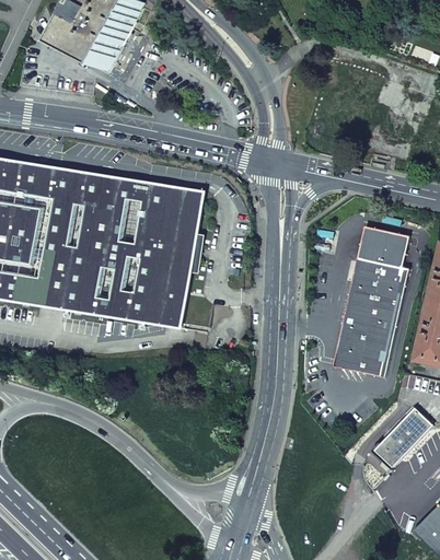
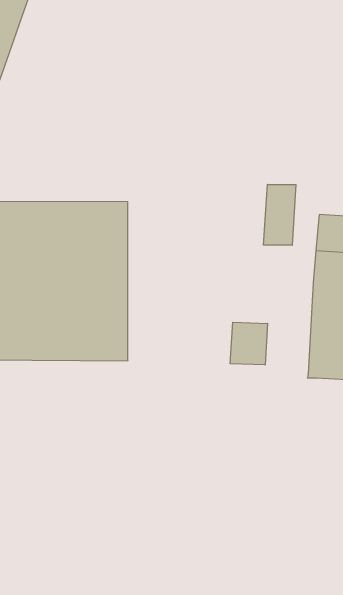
building: none -> [264,184,296,245]
building: none -> [230,322,268,365]

